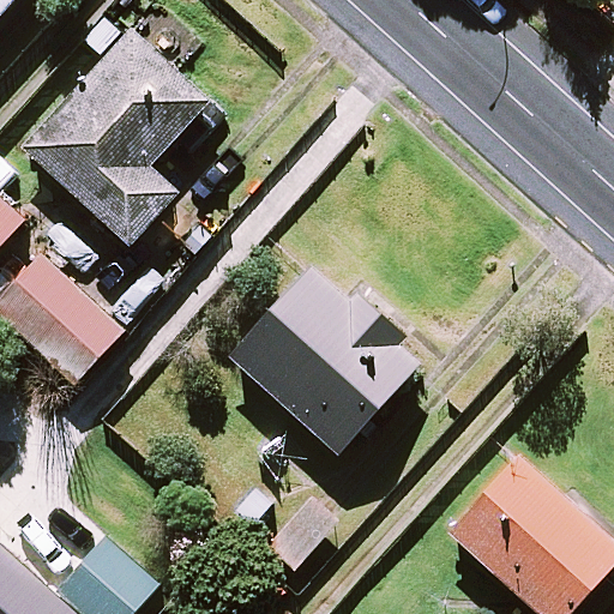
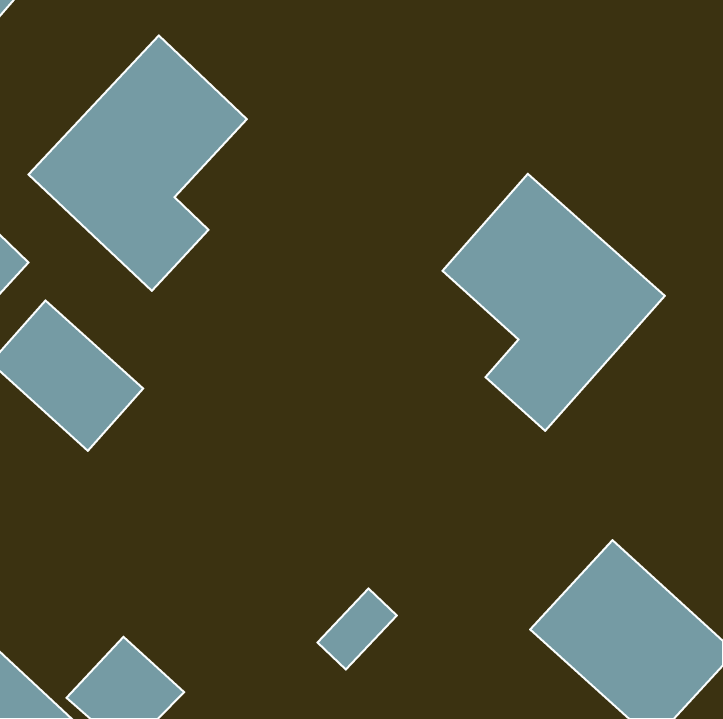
building: none -> [443,174,665,431]
building: [229,266,415,455] -> none

